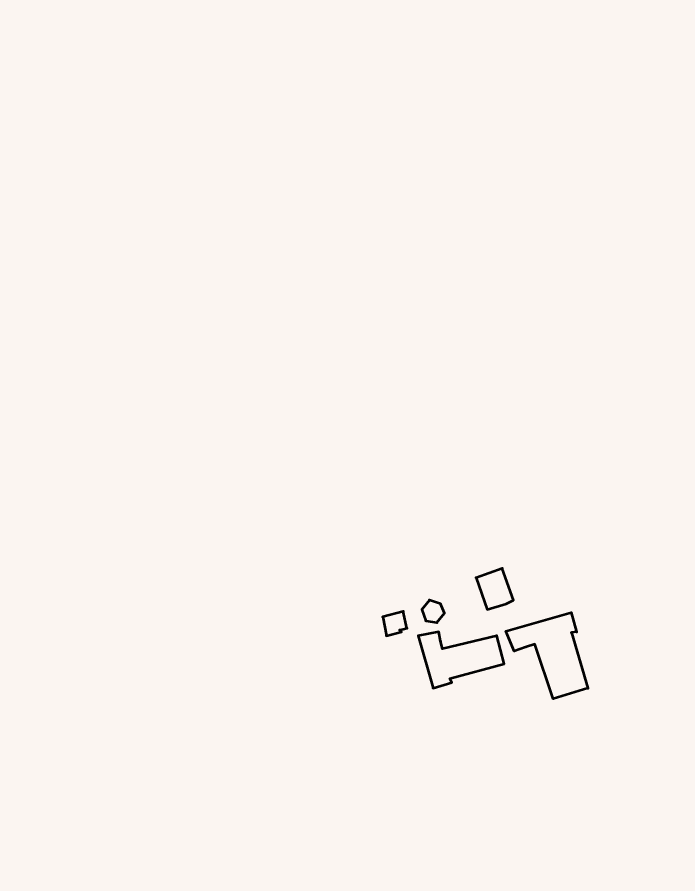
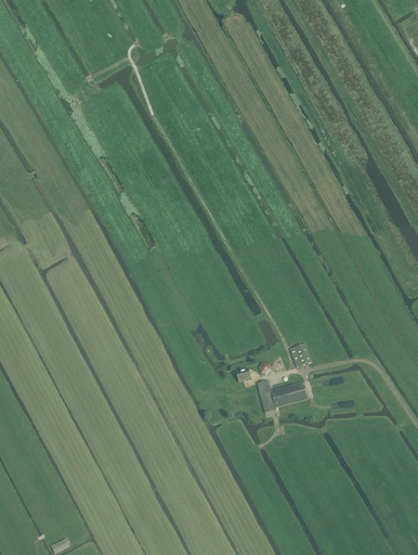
building: [506,613,588,699] -> none

